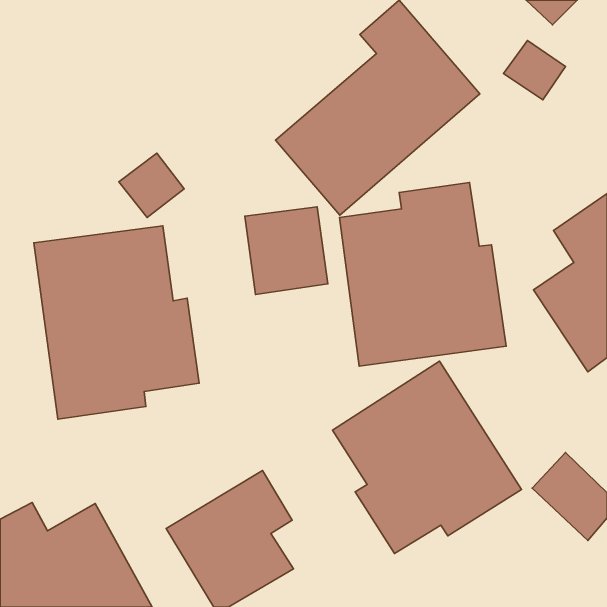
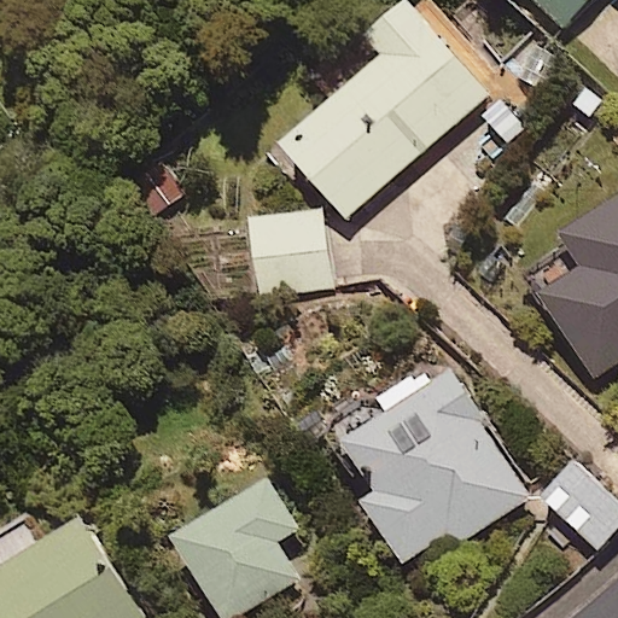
building: [339,183,506,366] -> none
building: [34,226,199,419] -> none

